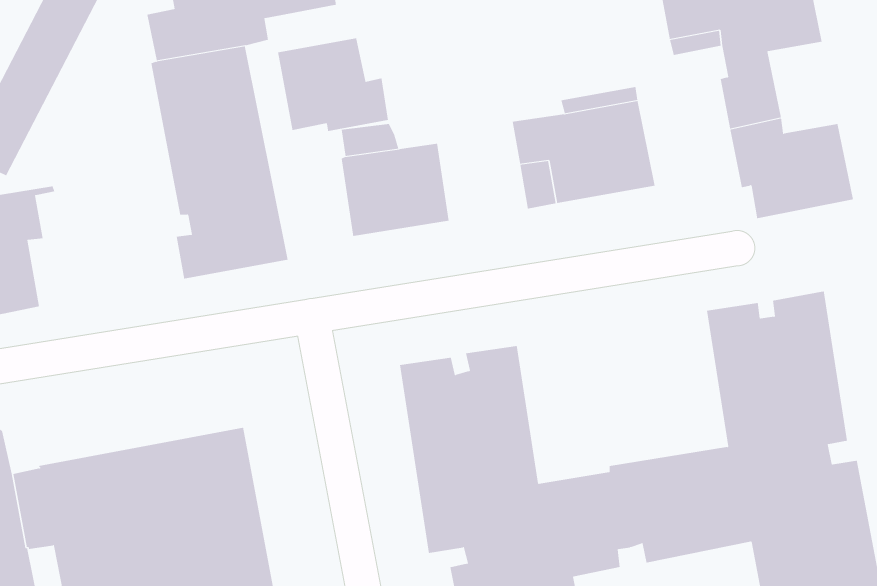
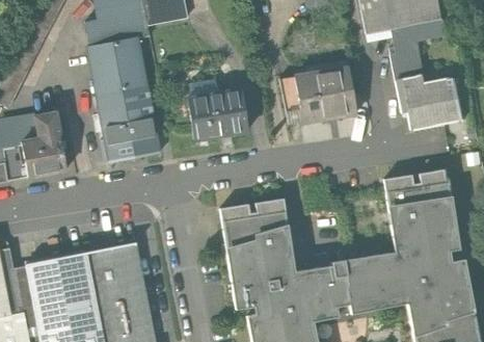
building: [278,37,389,132] -> none
building: none -> [22,113,66,178]

